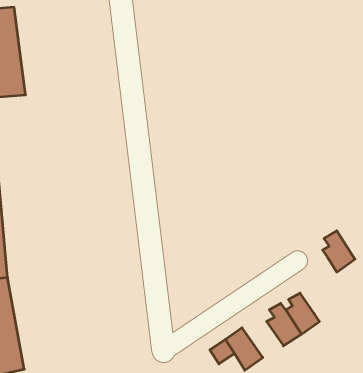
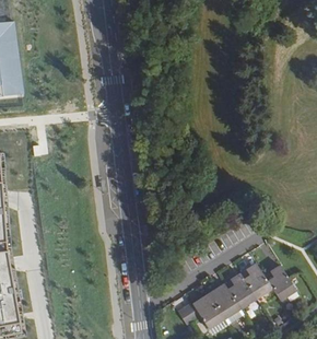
building: [323,231,355,272] -> [267,266,294,301]
building: none -> [206,284,240,319]

